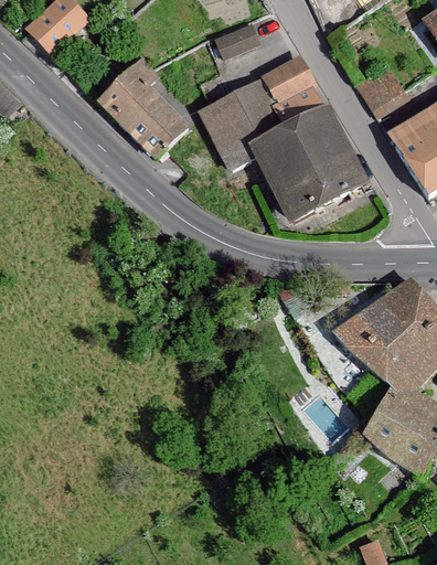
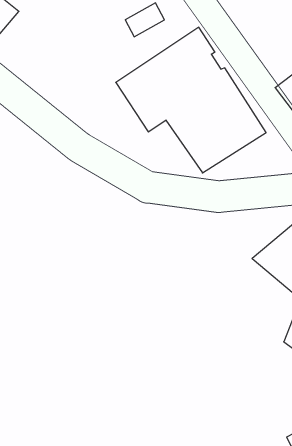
building: [95,54,191,160] -> none

